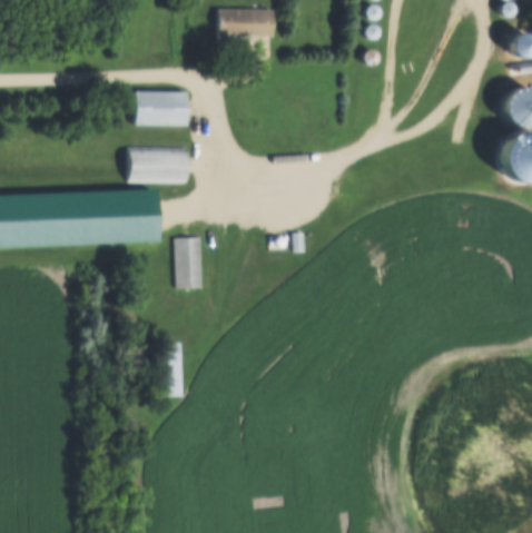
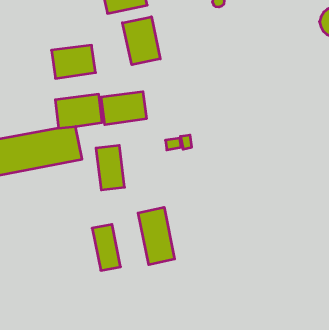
building: none -> [122,17,160,65]
building: none -> [101,92,146,125]
building: none -> [138,207,175,265]

